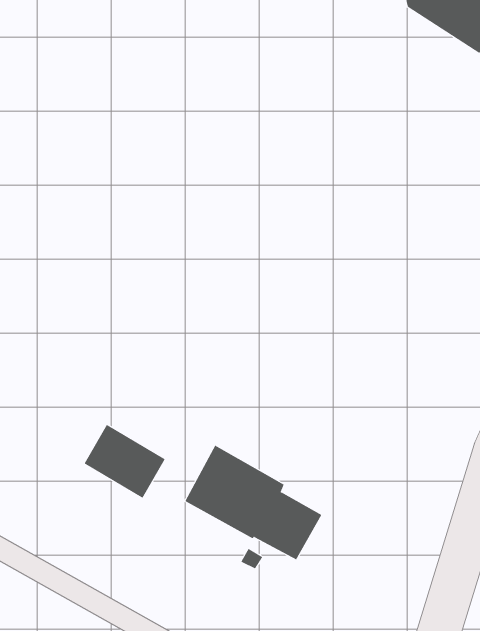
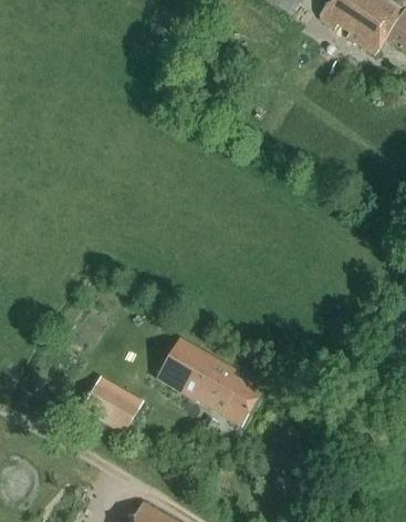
building: [84,424,165,498] -> [81,379,140,433]

